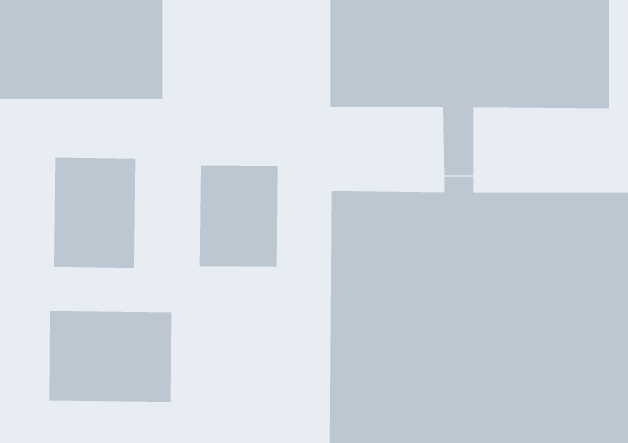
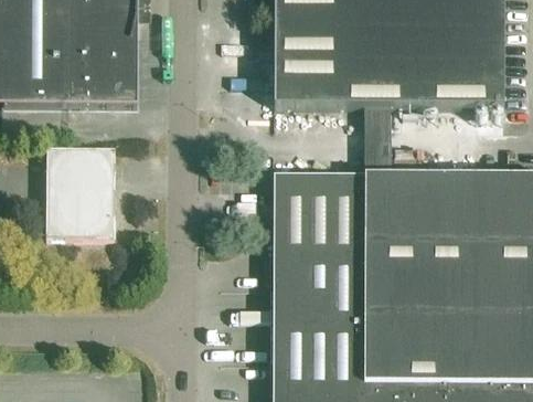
building: [199,165,278,268] -> none
building: [49,310,172,403] -> none

